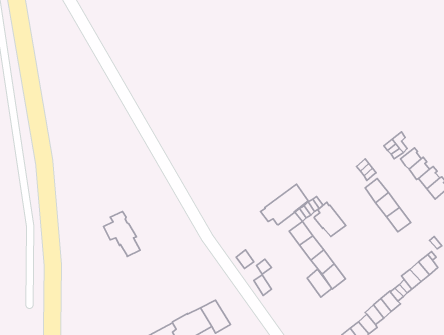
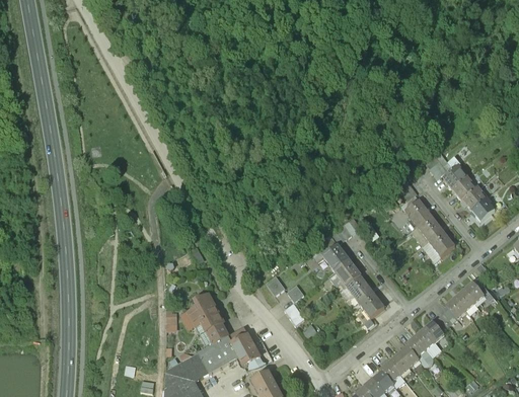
building: [260,184,308,225] -> none
building: [314,202,346,237] -> none
building: [104,212,140,257] -> [187,296,226,344]
building: [307,269,332,297] -> none

